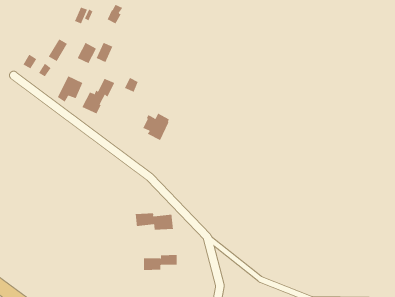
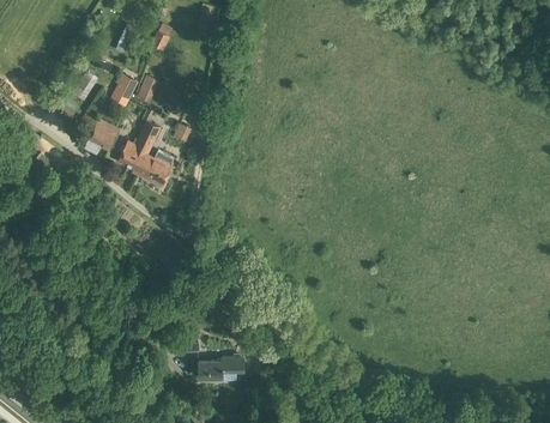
building: [142,109,170,141] -> [138,145,174,187]
building: [135,212,173,231] -> none

